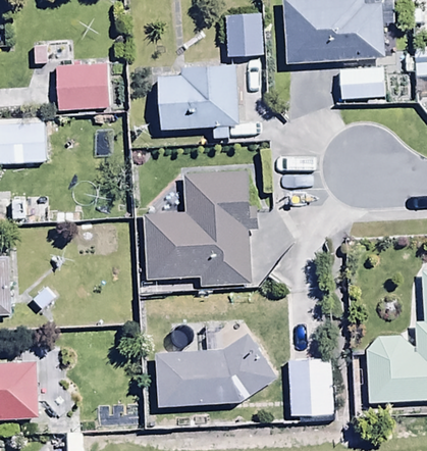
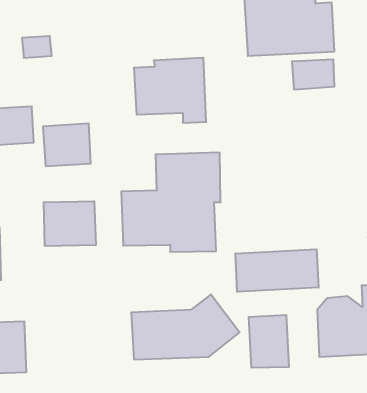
building: [224,13,262,57] -> none
building: [55,64,109,112] -> [43,124,91,166]
building: none -> [44,201,96,246]
building: none -> [235,249,319,292]

